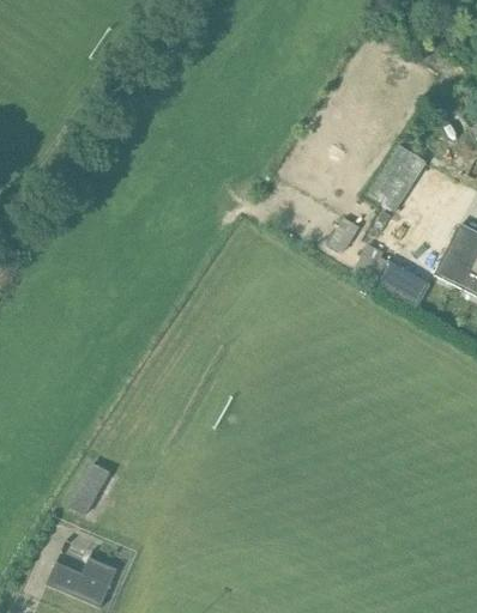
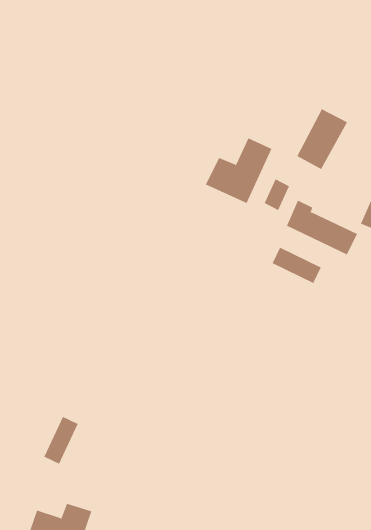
building: none -> [205,137,272,204]
building: none -> [272,247,321,284]

